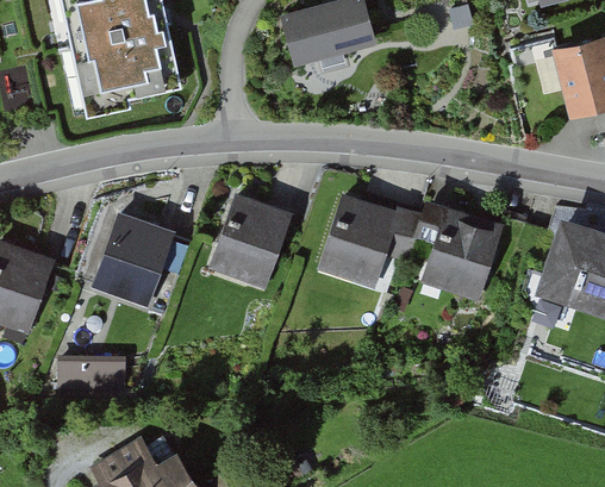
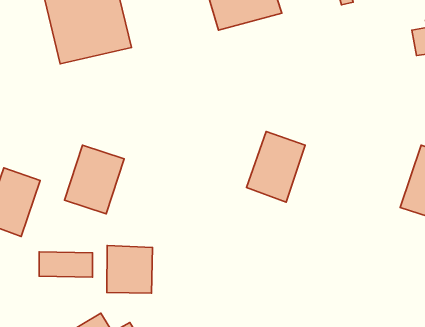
building: [210,193,288,283] -> none
building: [428,201,506,302] -> none
building: none -> [107,245,152,293]

